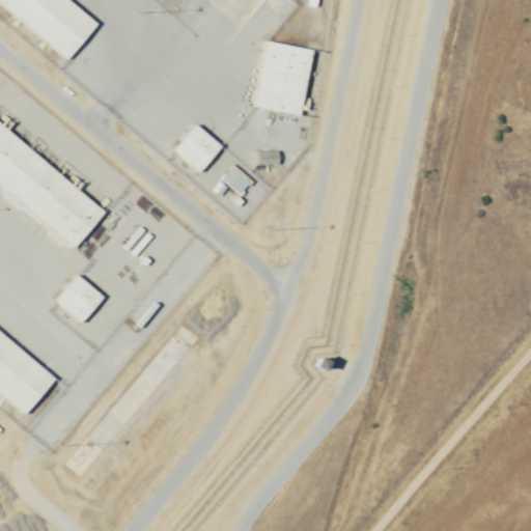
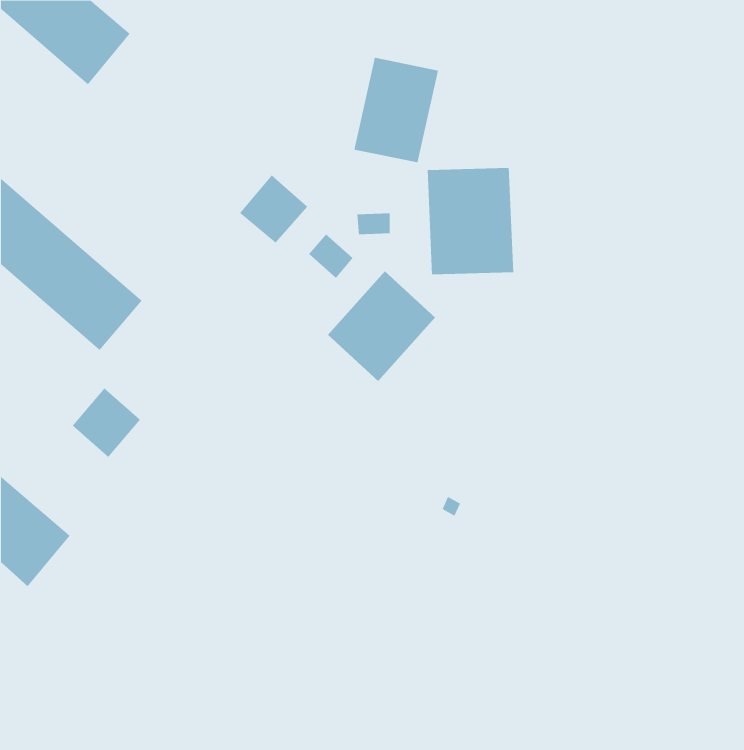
building: none -> [427,167,514,275]
building: none -> [327,270,436,382]

